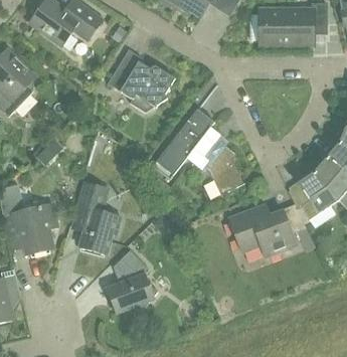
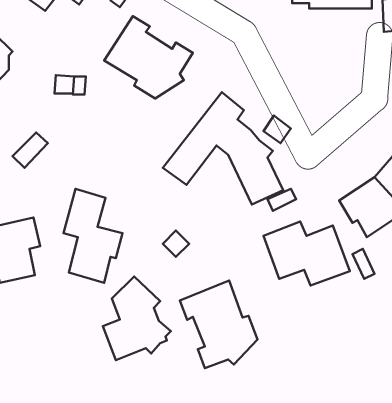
building: none -> [180,281,257,368]

